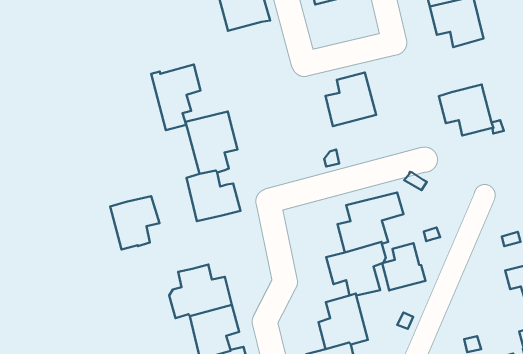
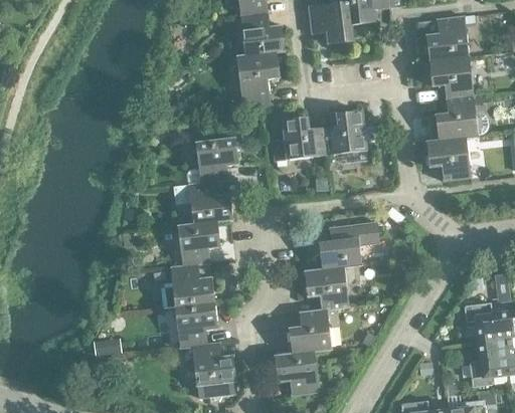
building: none -> [435,94,488,139]
building: [151,65,201,130] -> [236,52,279,108]
building: none -> [272,117,327,161]
building: [110,196,159,250] -> [178,221,220,265]
building: [382,243,425,291] -> none

